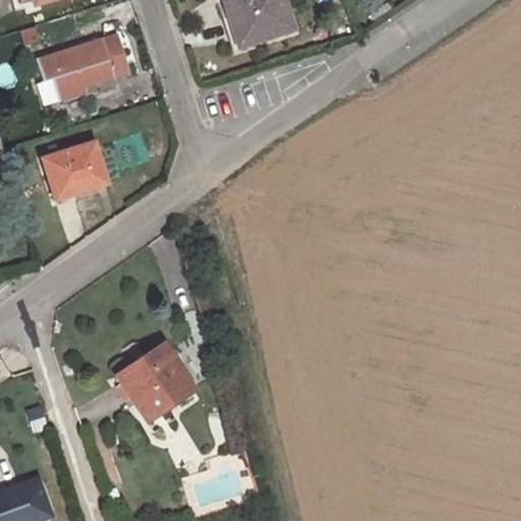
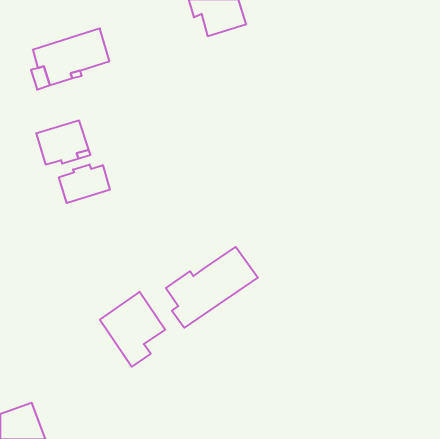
building: none -> [59,164,110,203]
building: none -> [166,247,258,328]

